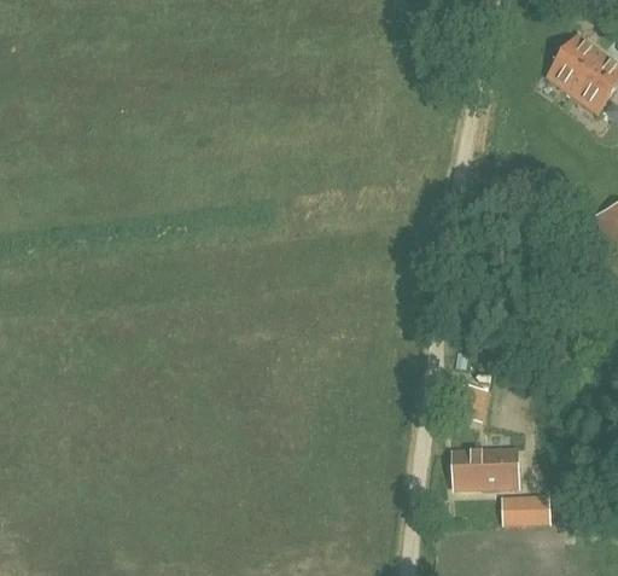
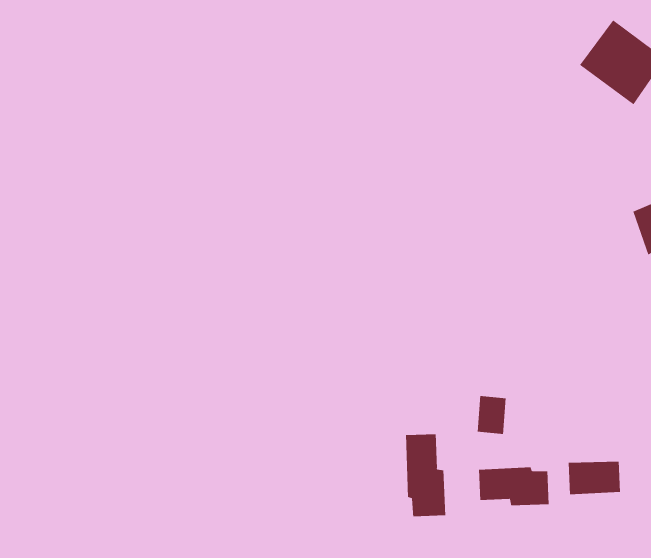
building: none -> [406,434,446,517]
building: [501,494,550,525] -> [568,461,621,495]

